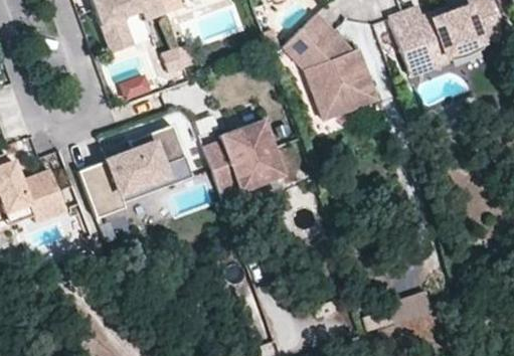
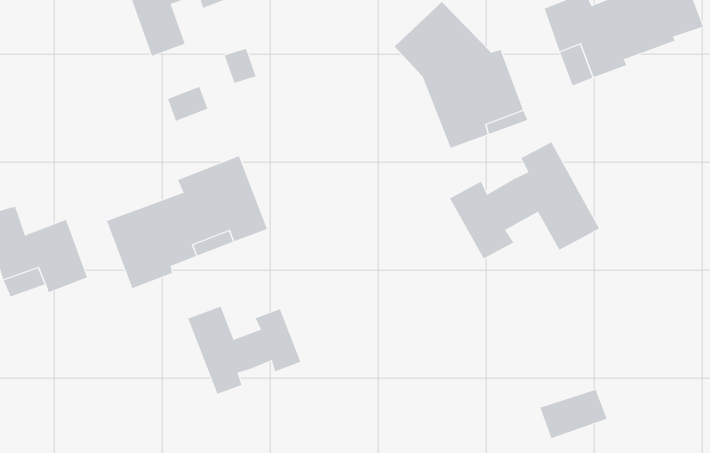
building: none -> [449,142,600,259]
building: [203,119,285,193] -> none
building: none -> [188,306,301,395]

